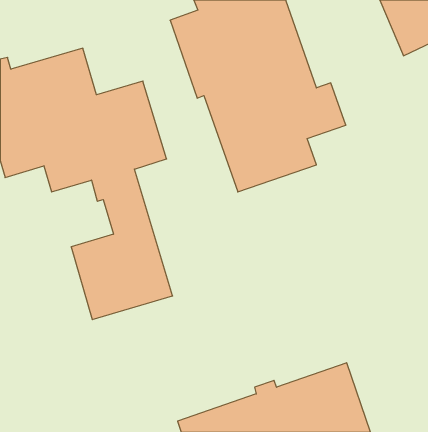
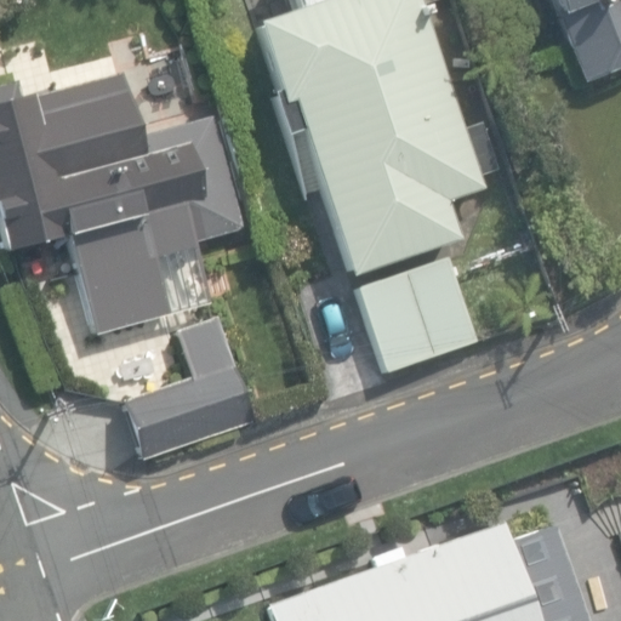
building: none -> [355,256,479,375]

